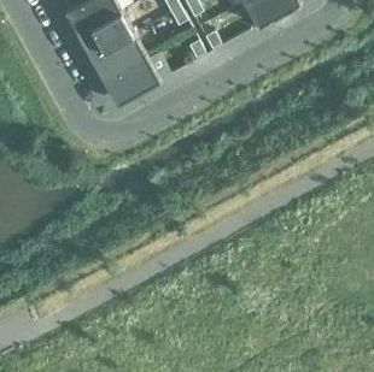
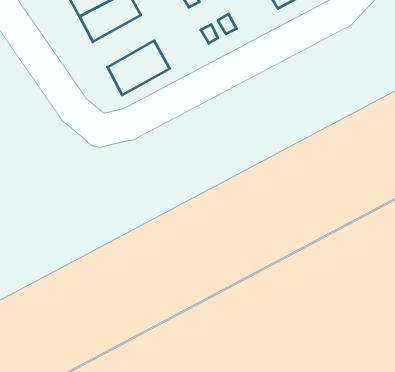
building: [90,33,146,79] -> none

